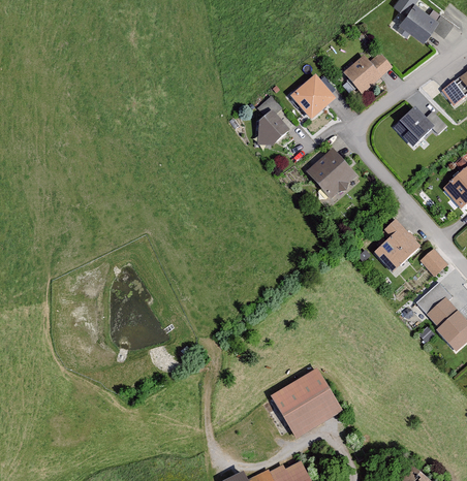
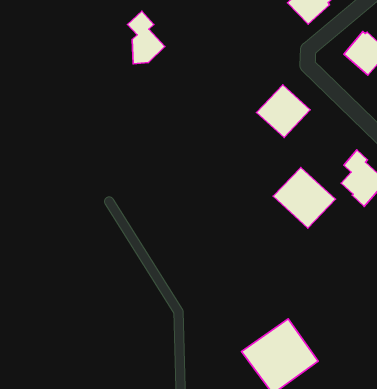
building: [291,75,336,120] -> none
building: [256,96,289,145] -> [128,11,165,64]
building: none -> [273,167,336,228]

